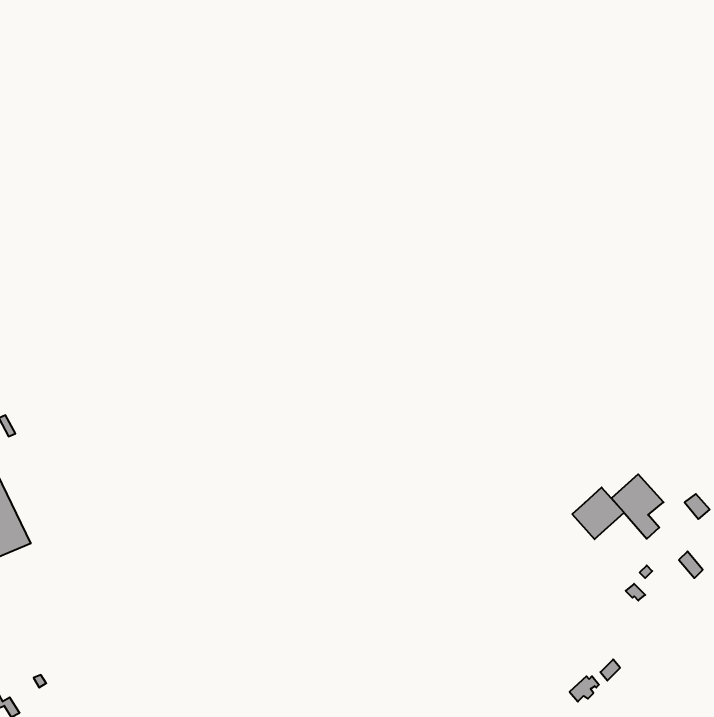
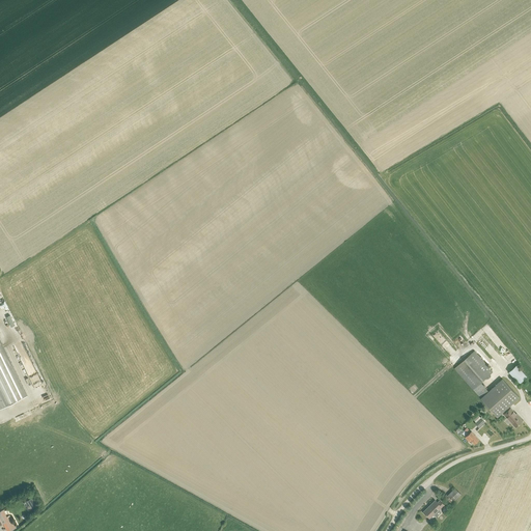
building: [572,487,624,539] -> [478,379,516,417]

